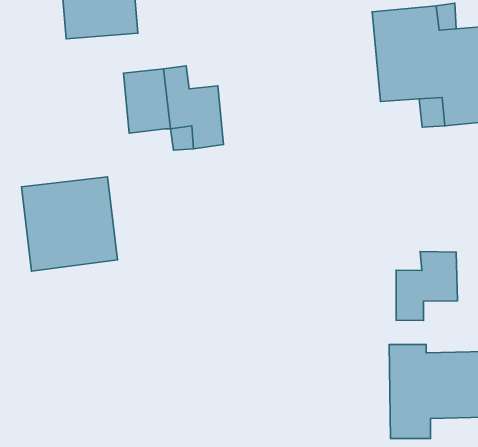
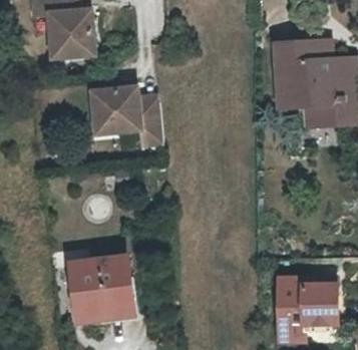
building: [22,177,117,271] -> [70,259,137,325]
building: [396,252,458,320] -> none

